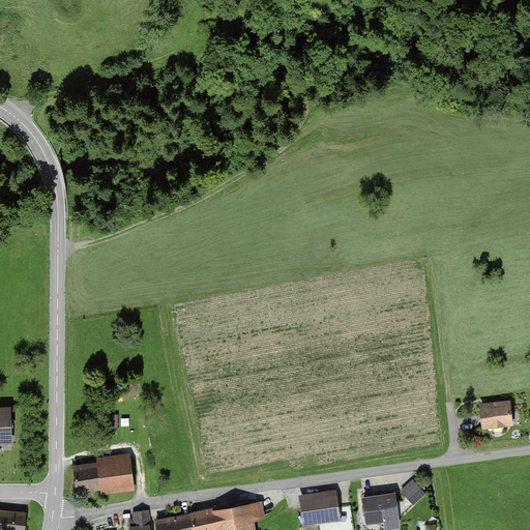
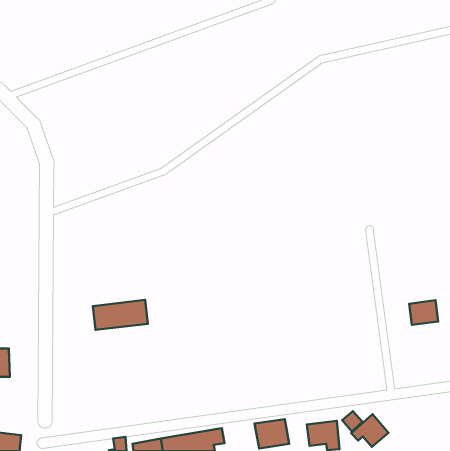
building: [478,401,512,430] -> [409,300,438,325]
building: [71,461,136,496] -> [93,300,148,330]
building: none -> [351,414,388,447]

